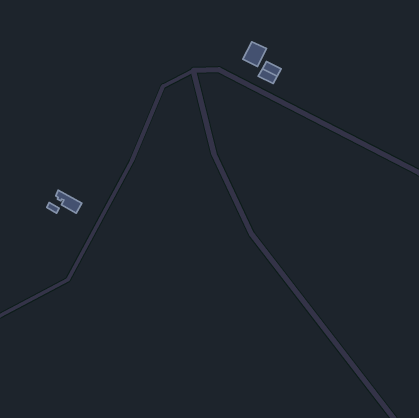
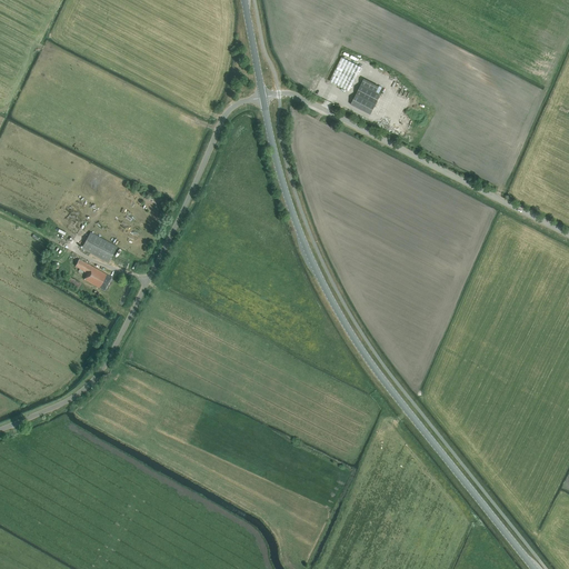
building: none -> [81,230,117,262]

